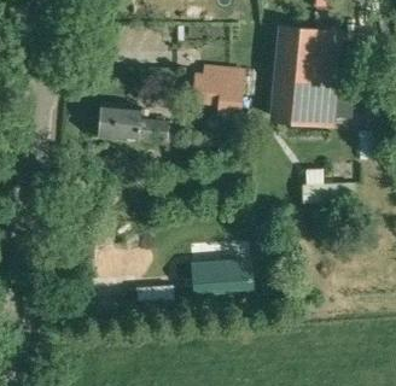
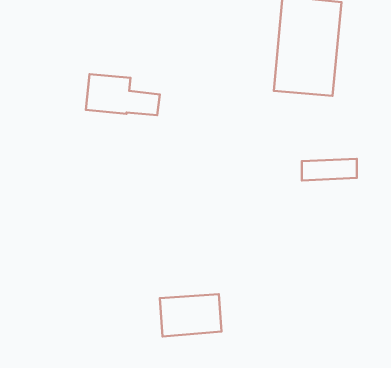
building: [196,75,241,113] -> none
building: [194,261,252,300] -> [160,294,221,337]

